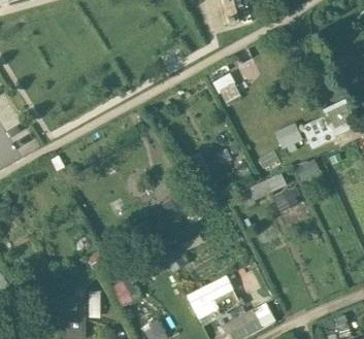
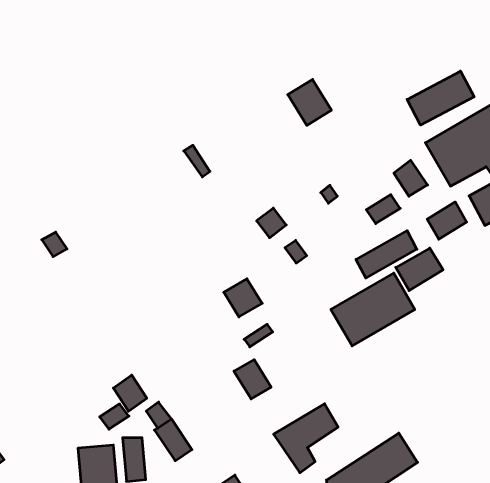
building: none -> [407,71,474,125]
building: none -> [331,273,415,346]

